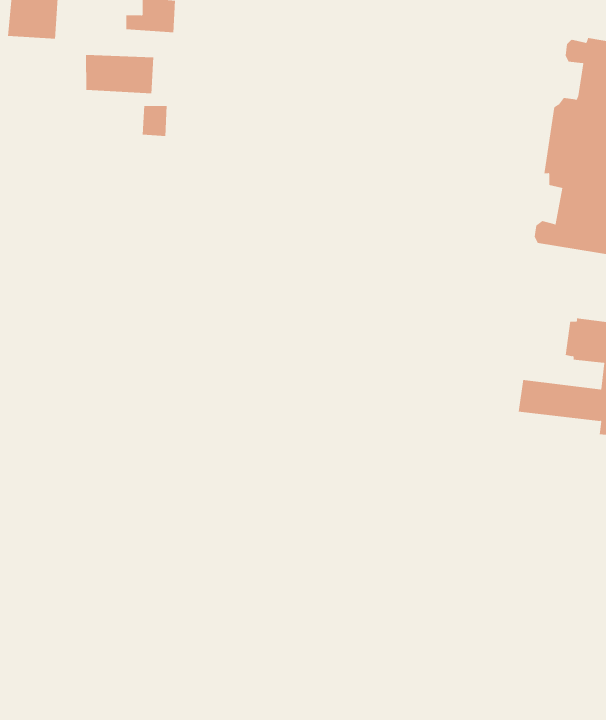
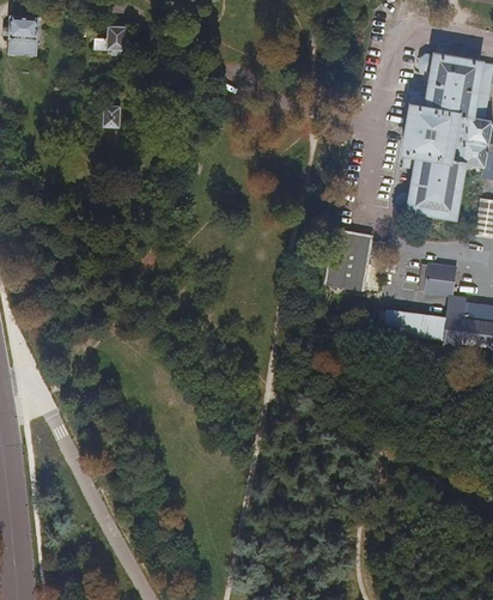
building: [85,54,154,94] -> none
building: none -> [322,226,373,289]

